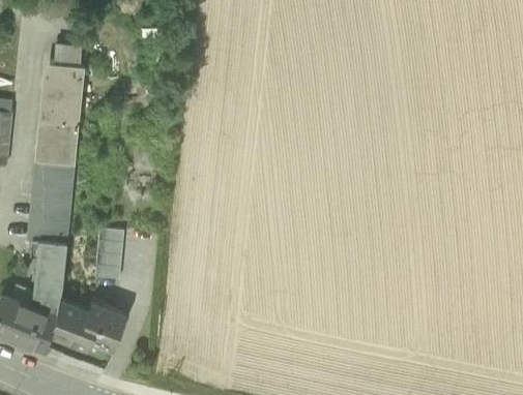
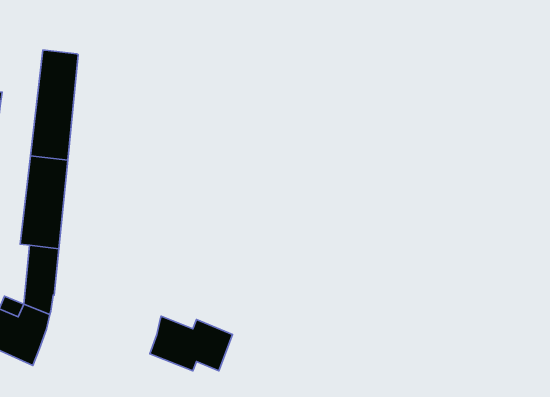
building: [53,45,84,66] -> none
building: [93,230,123,281] -> none
building: [48,301,123,351] -> [150,316,233,371]

